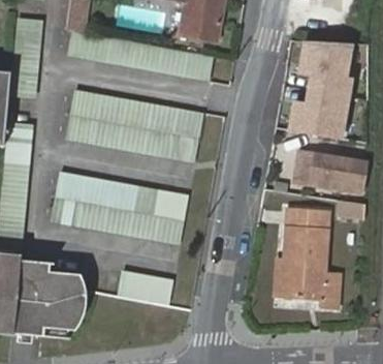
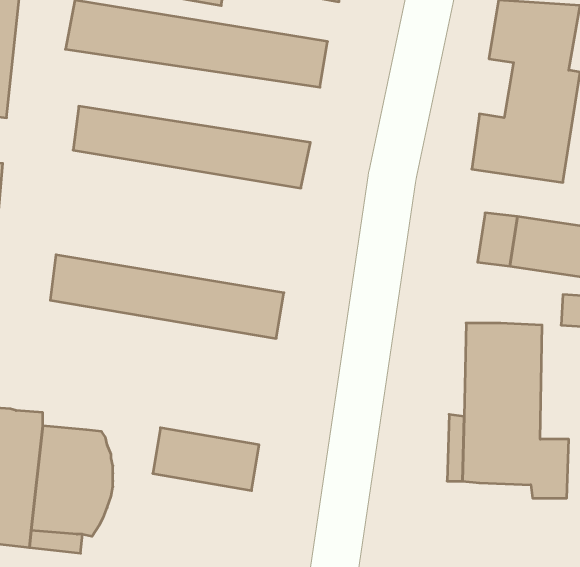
building: [66,118,195,163] -> none
building: [54,201,182,246] -> none

